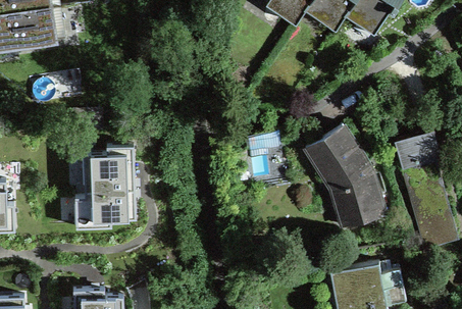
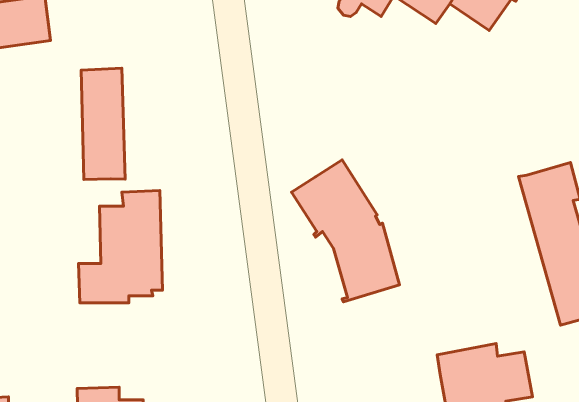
building: none -> [81,68,125,179]
building: [305,123,383,226] -> [292,160,399,302]

